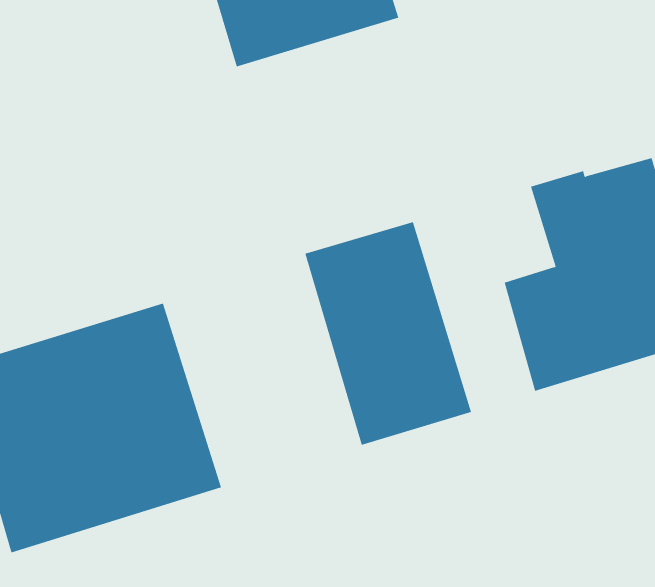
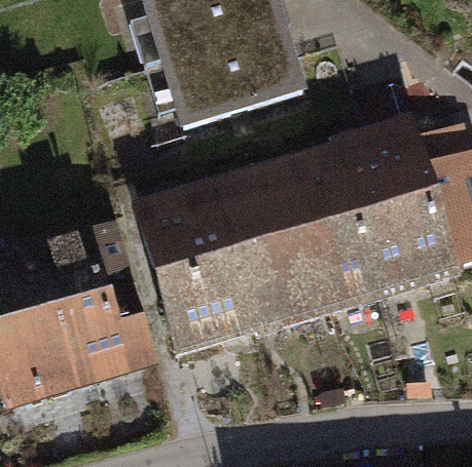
building: none -> [168,28,301,126]
building: none -> [293,147,393,306]
building: none -> [138,194,256,352]

